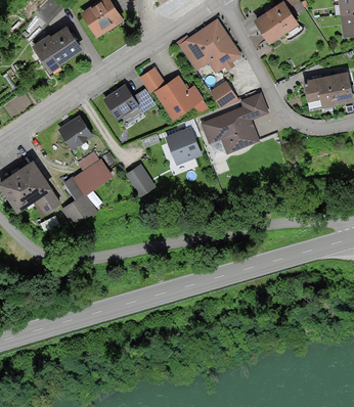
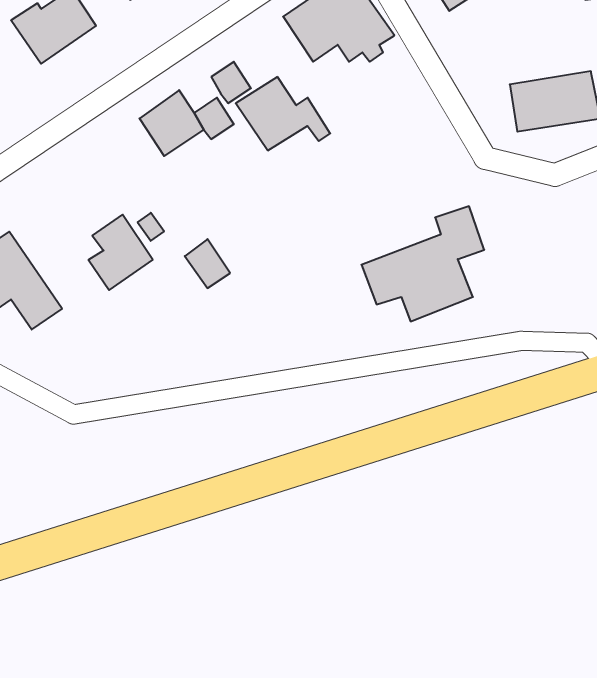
building: [209,81,236,109] -> none
building: [202,93,268,155] -> [361,206,484,321]
building: [58,116,91,148] -> none
building: [163,123,202,163] -> none
building: [63,179,94,223] -> none

